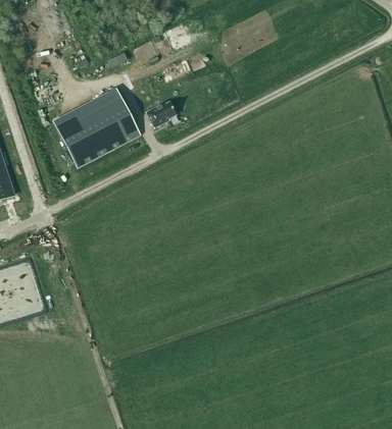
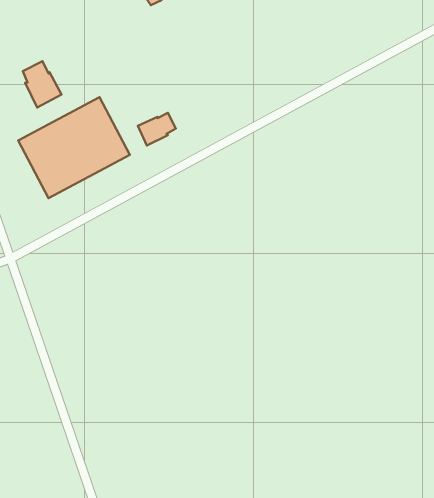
building: none -> [23,61,61,107]

